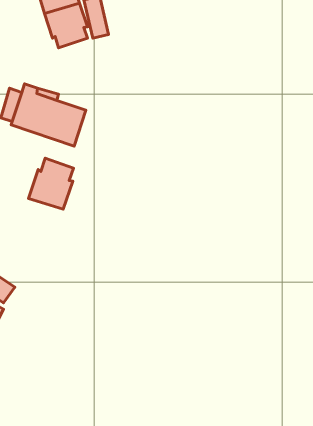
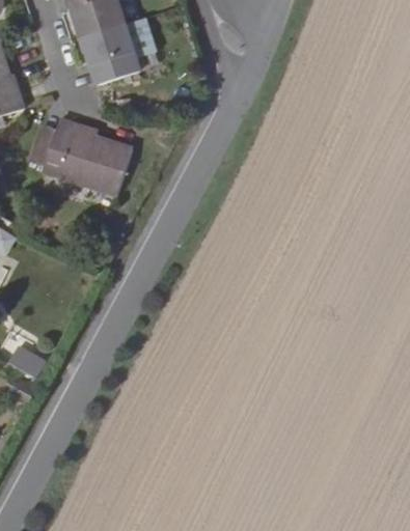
building: [29,158,74,209] -> none

